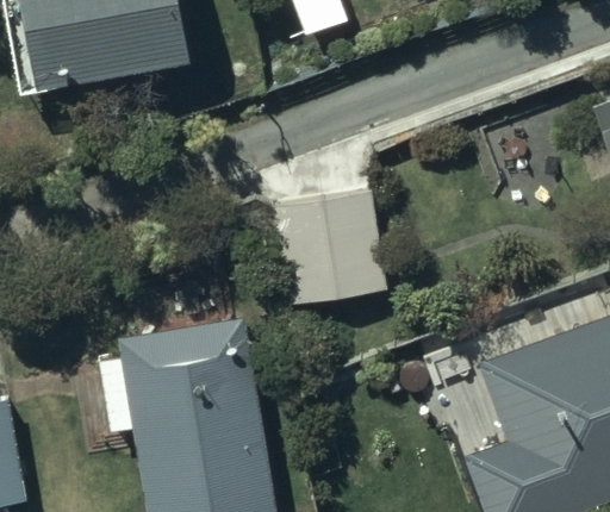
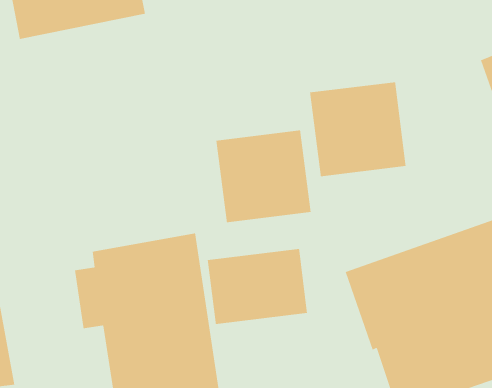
building: none -> [310,81,406,177]
building: none -> [207,248,308,325]

